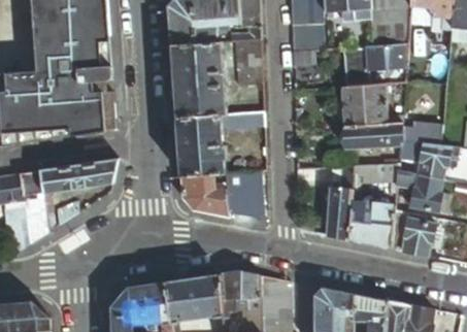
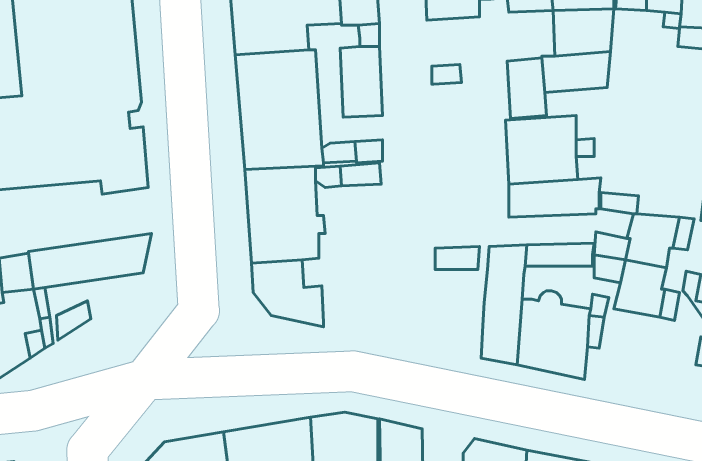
building: [291,22,326,49] -> none
building: [225,175,262,220] -> none
building: [401,219,434,257] -> none

